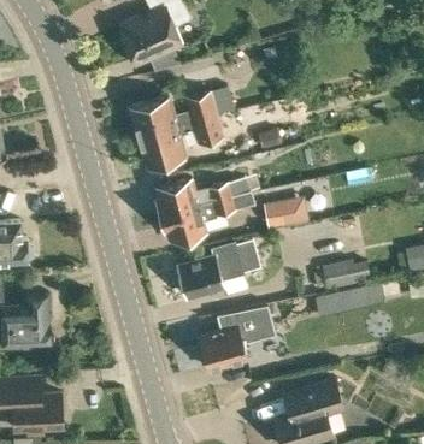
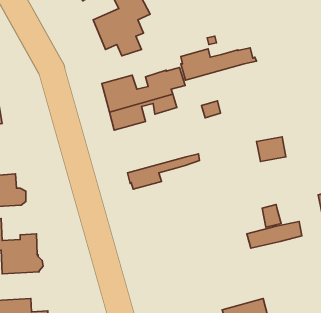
building: [157,179,253,220] -> [181,48,257,80]
building: [263,197,300,229] -> [257,137,286,161]
building: [176,238,261,298] -> none
building: [199,306,275,369] -> none

